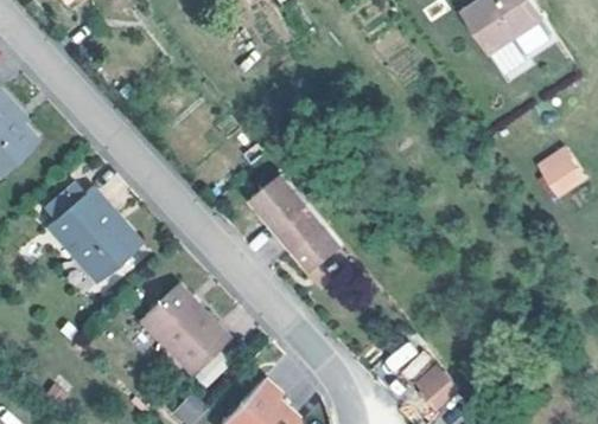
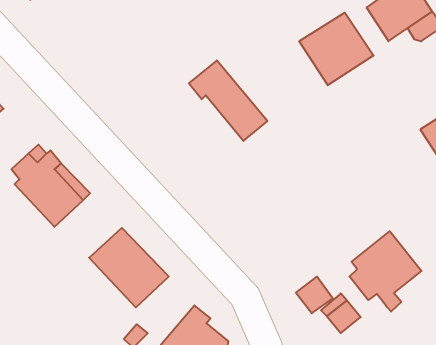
building: none -> [299,13,374,85]
building: [248,174,342,270] -> [189,60,267,141]
building: none -> [349,231,422,312]

